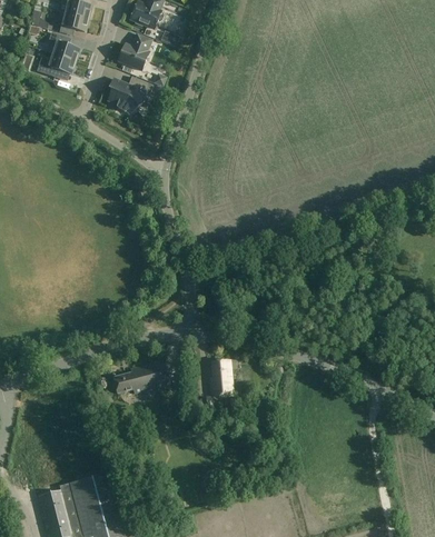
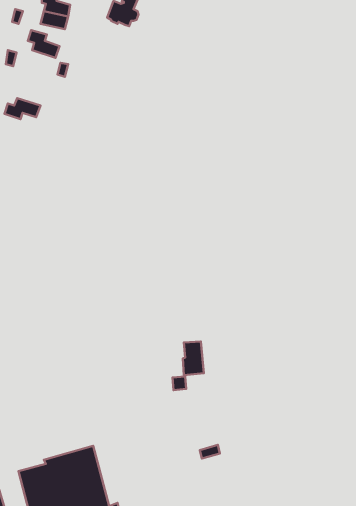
building: [118,34,151,71] -> none
building: [38,54,76,77] -> [5,98,40,119]
building: [108,77,152,113] -> none
building: [112,360,169,395] -> none

